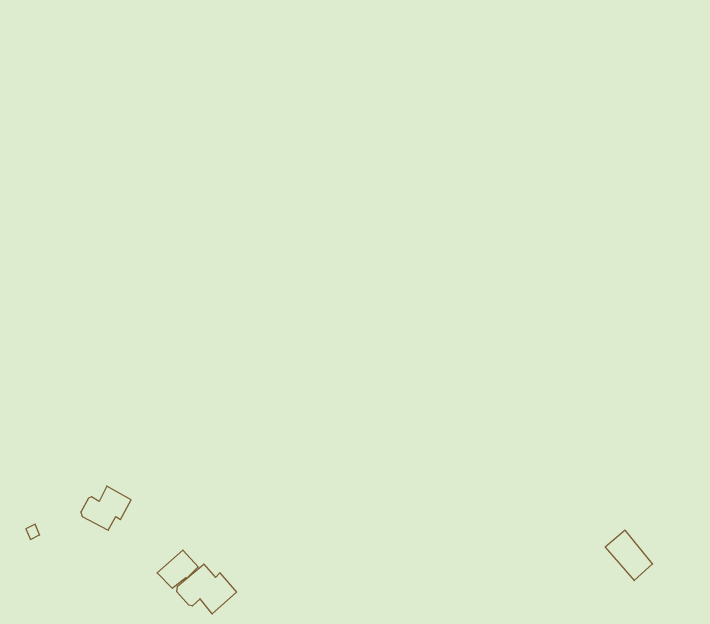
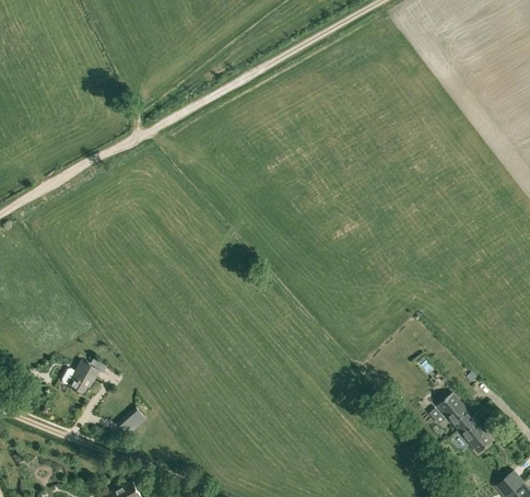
building: none -> [459,417,493,452]
building: [177,564,237,614] -> none

